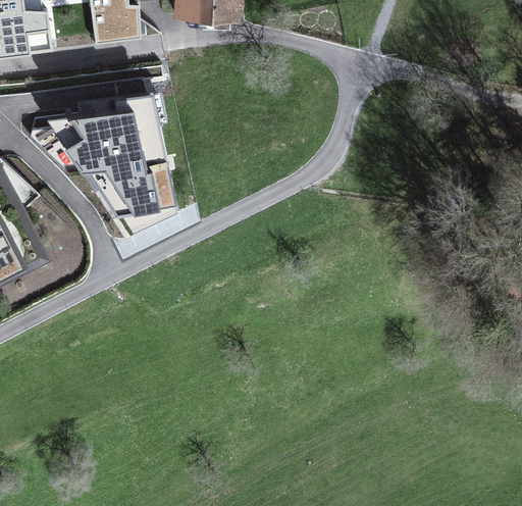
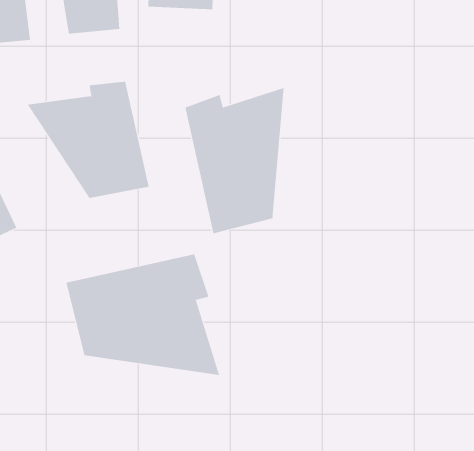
building: none -> [185,87,284,234]
building: none -> [66,254,220,376]

